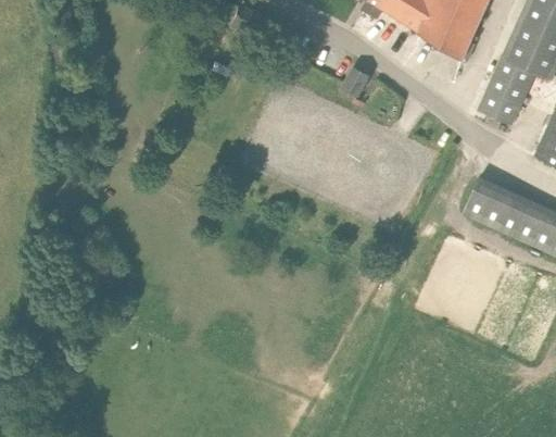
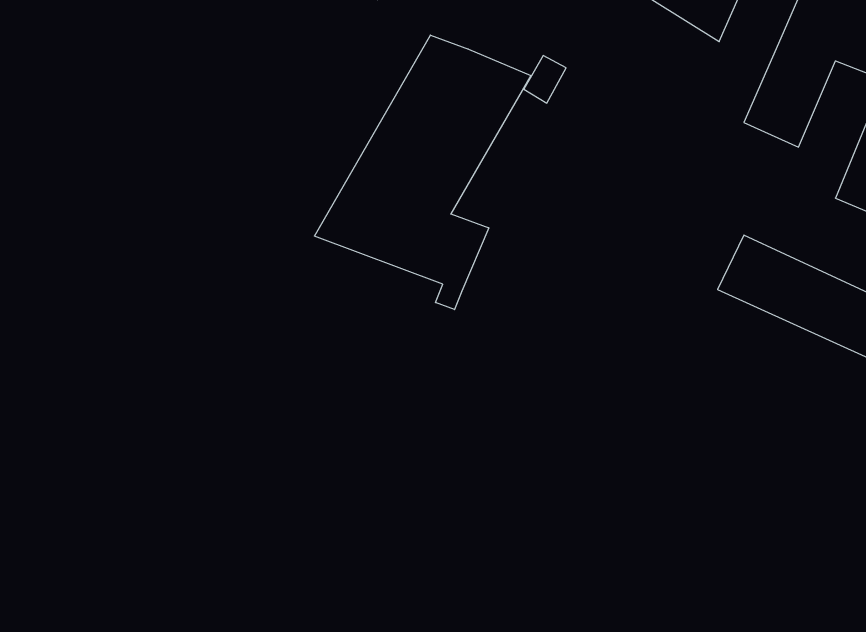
building: none -> [314,35,531,310]

